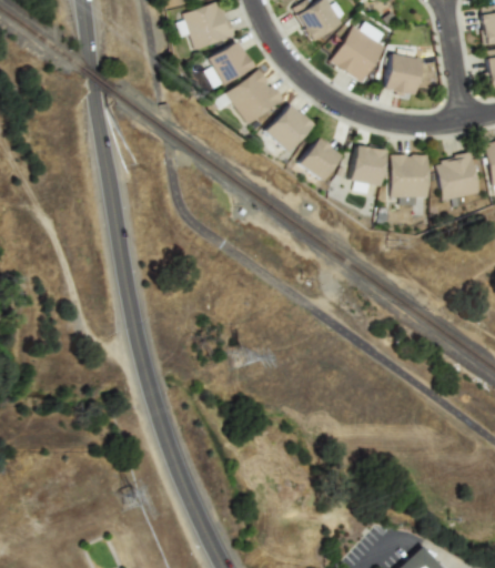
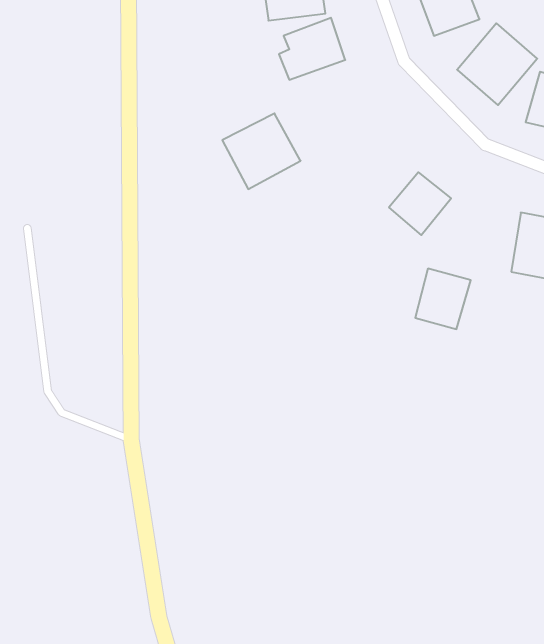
building: [228,70,284,125] -> [222,113,301,189]
building: [266,104,313,153] -> none
building: [352,146,386,185] -> [415,269,471,329]

